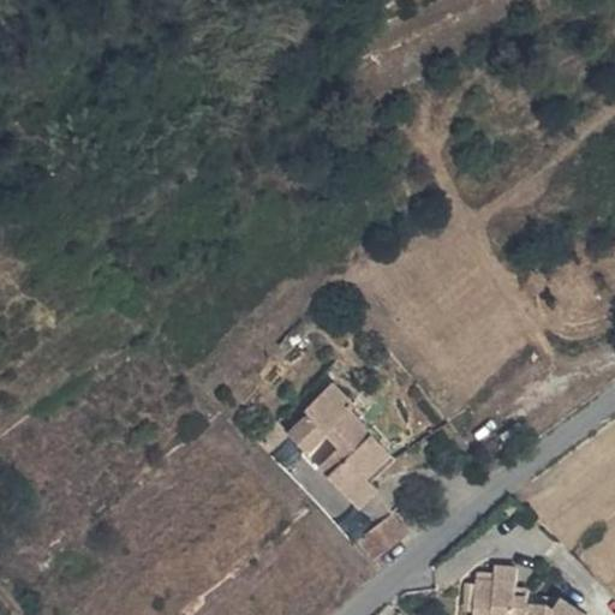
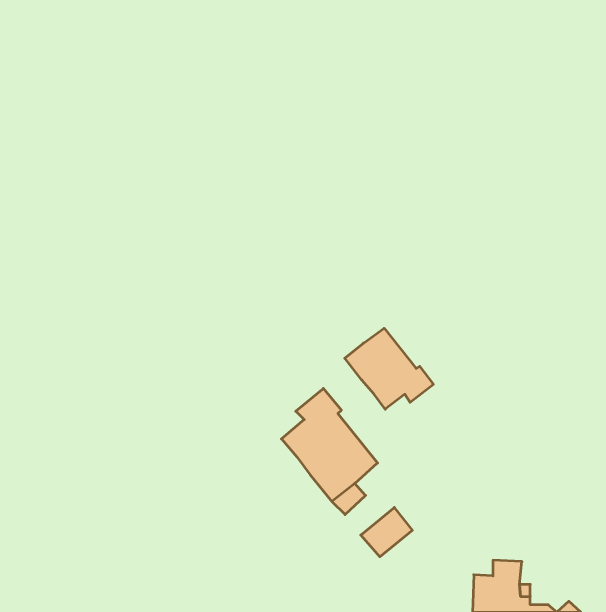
building: none -> [345,328,433,409]

